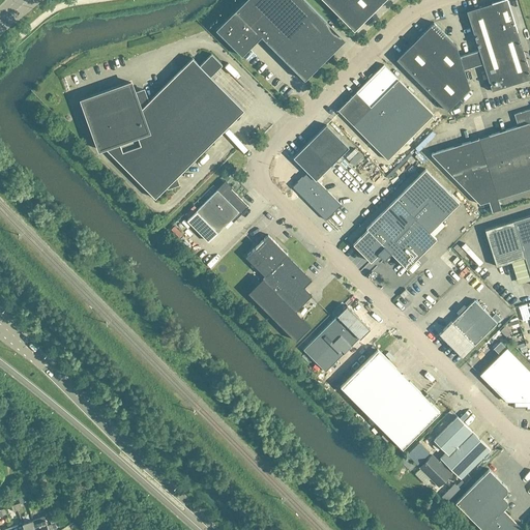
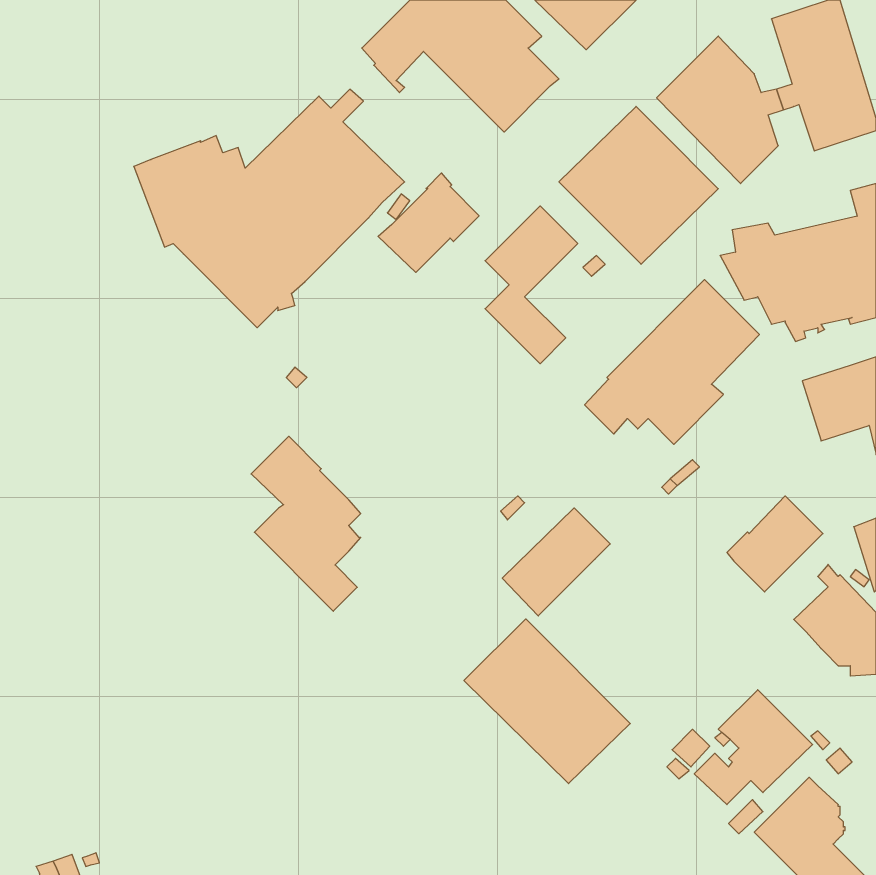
building: [187,181,248,241] -> [378,173,479,272]
building: [245,235,312,341] -> [251,436,361,611]
building: [340,350,440,449] -> [464,619,630,784]

